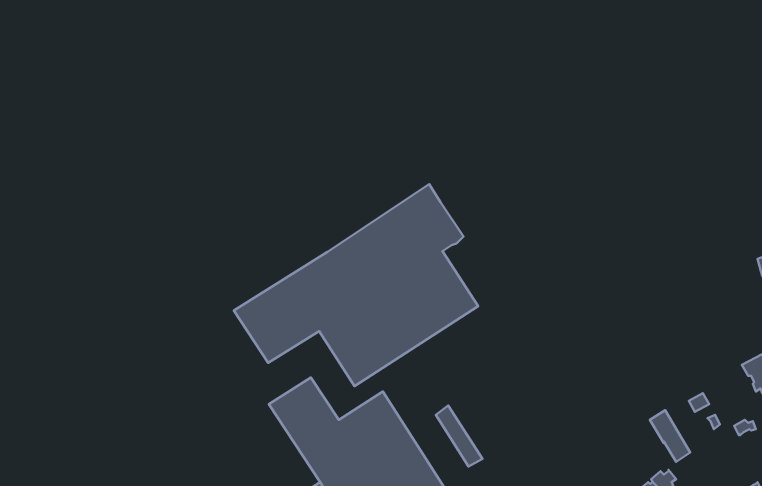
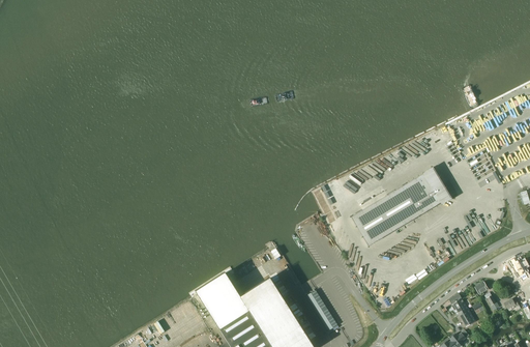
building: [234,184,478,386] -> none
building: none -> [351,169,450,247]

